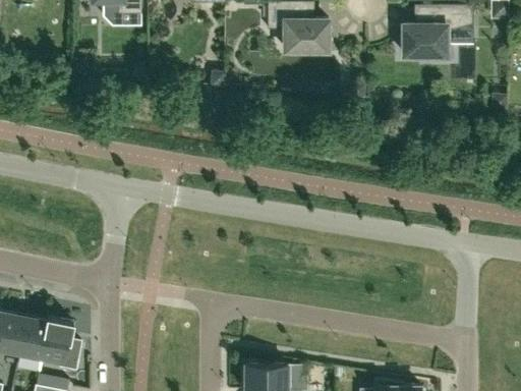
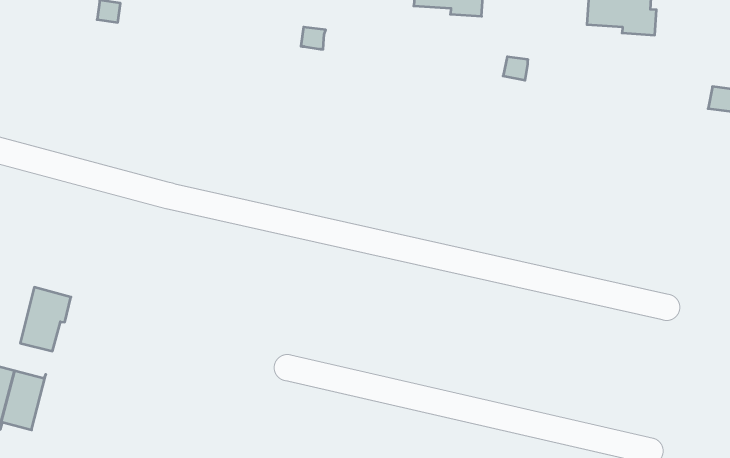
building: [42,318,74,360] -> [20,287,71,351]

